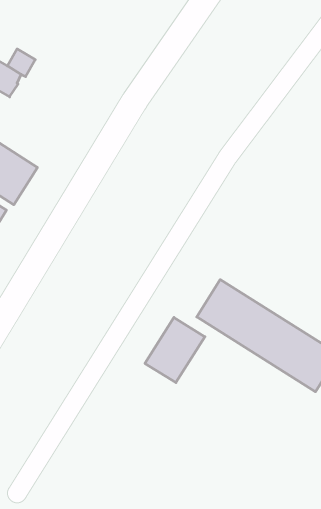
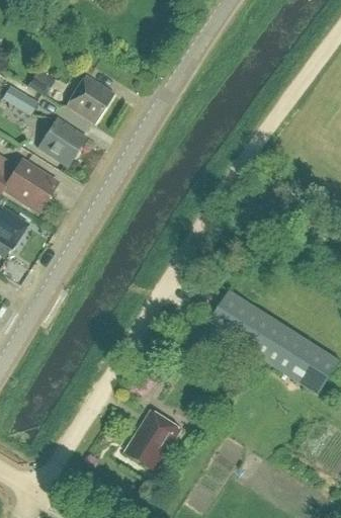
building: none -> [64,78,111,126]
building: none -> [36,121,85,169]
building: [145,317,205,383] -> [124,409,181,470]

